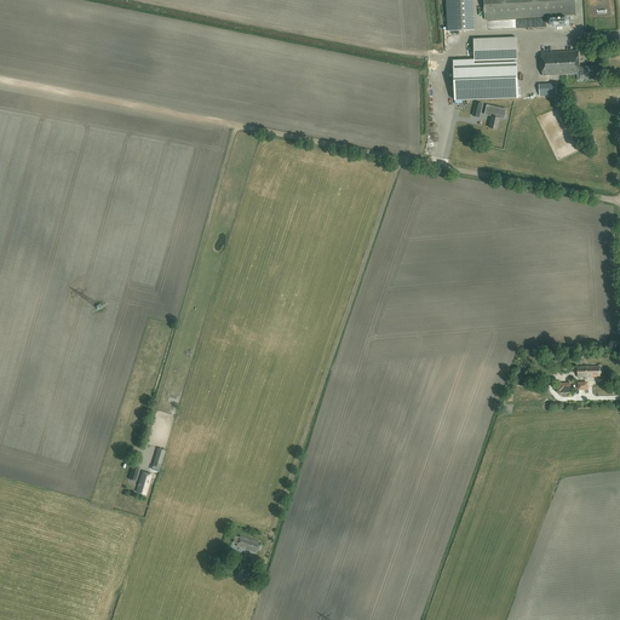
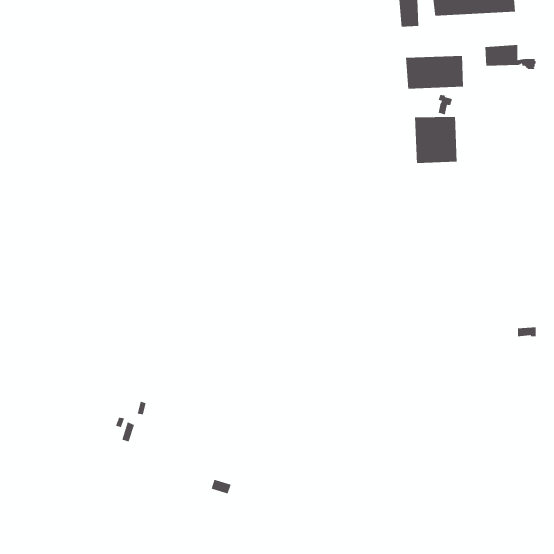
building: [472,38,516,61] -> none
building: none -> [415,116,457,164]

